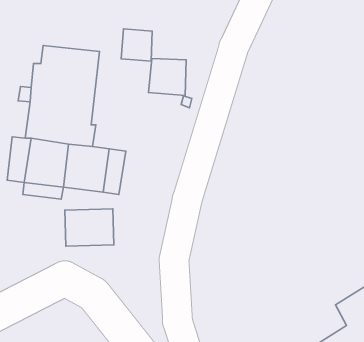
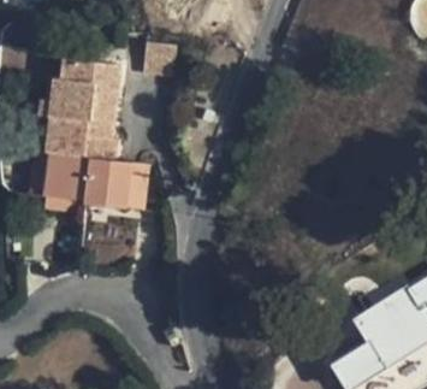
building: [149,58,186,95] -> none

